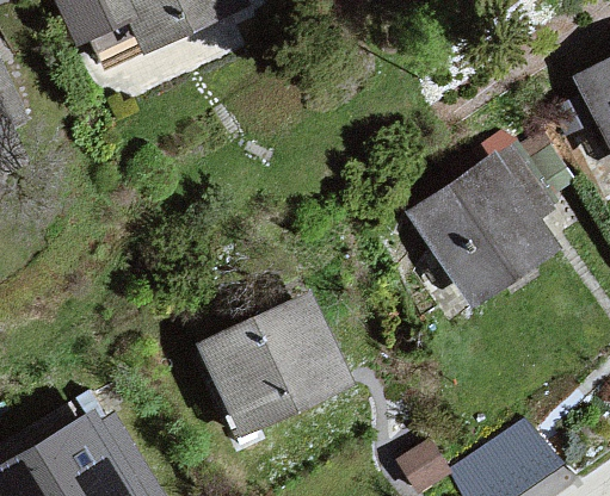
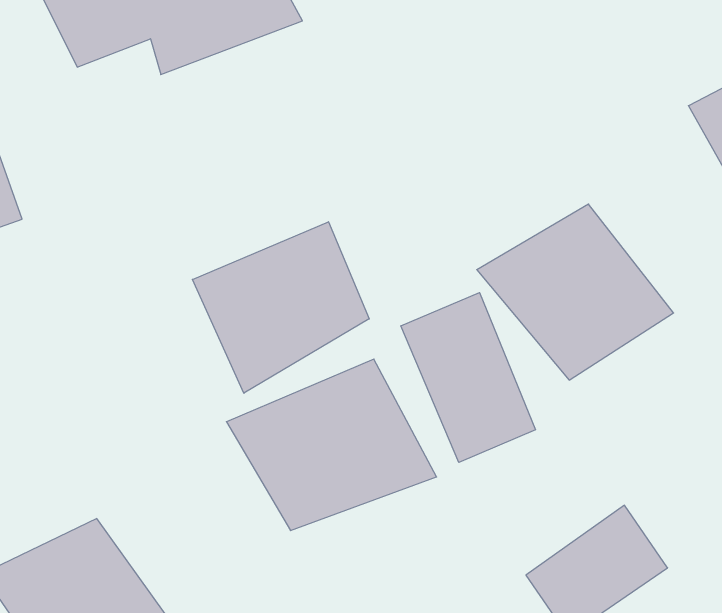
building: none -> [192,222,369,393]
building: none -> [401,293,535,462]

